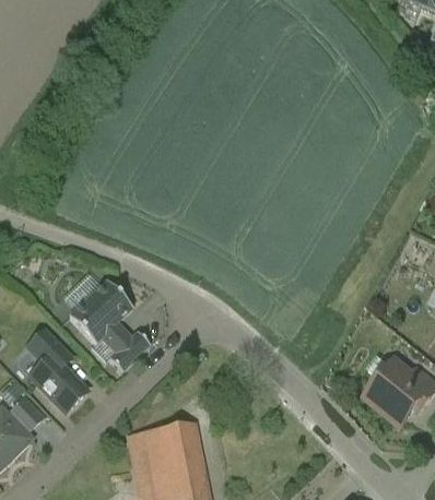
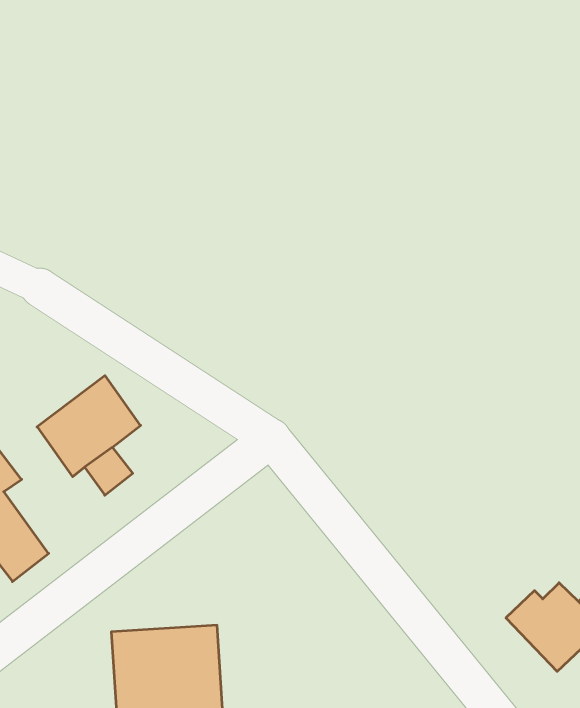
building: [108,331,149,370] -> none

